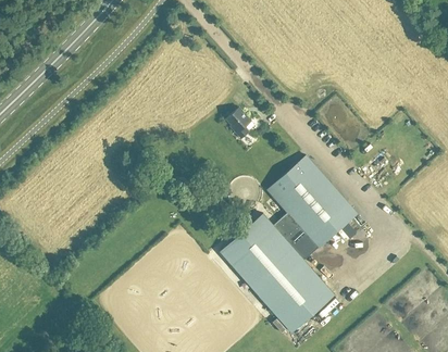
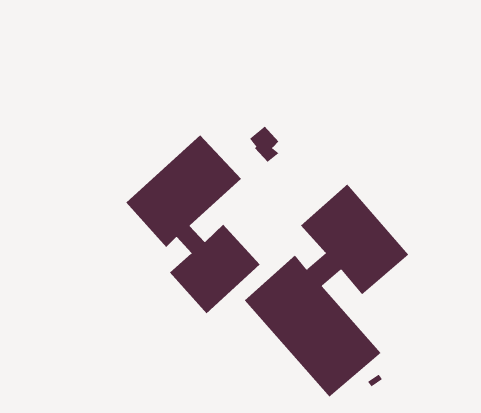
building: none -> [126,134,261,314]

